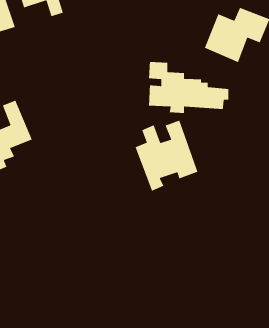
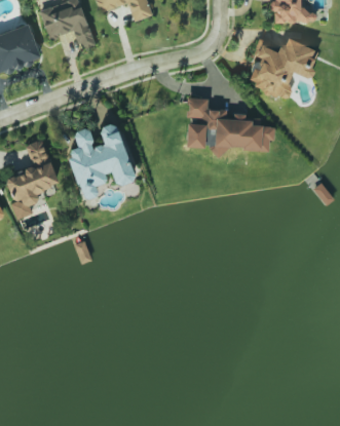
building: [135,120,198,192] -> [67,122,137,201]

